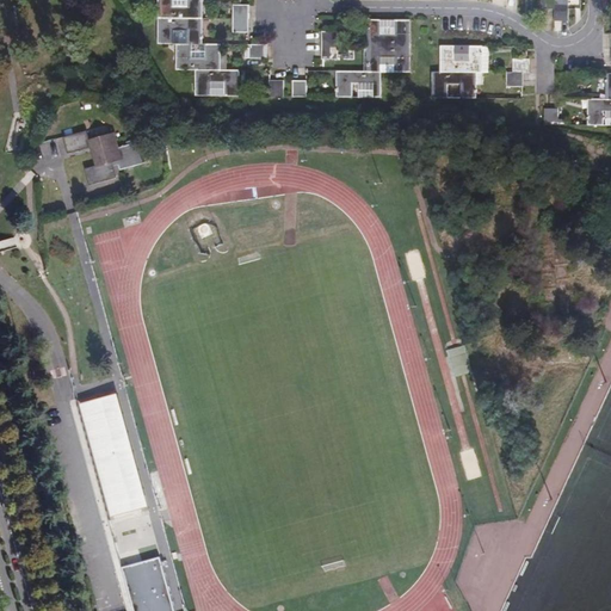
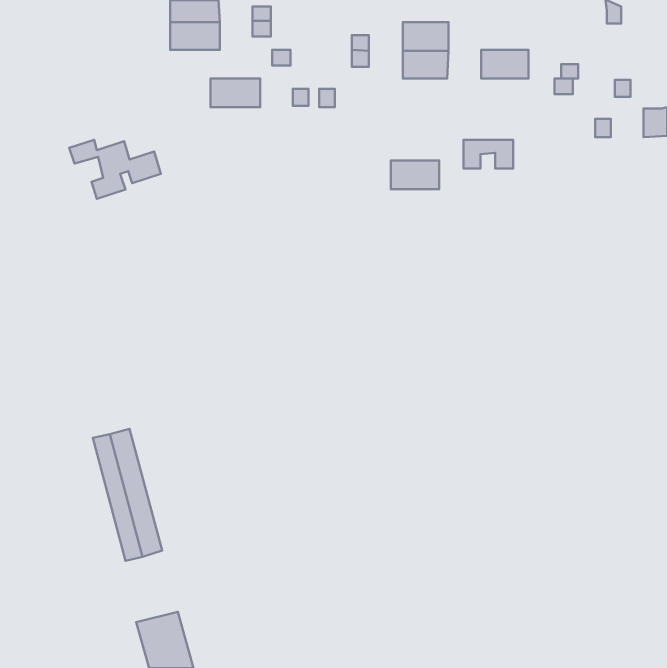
building: [174,45,220,72] -> none
building: [335,72,379,98] -> [391,160,439,189]
building: [431,72,476,98] -> [464,140,513,168]

